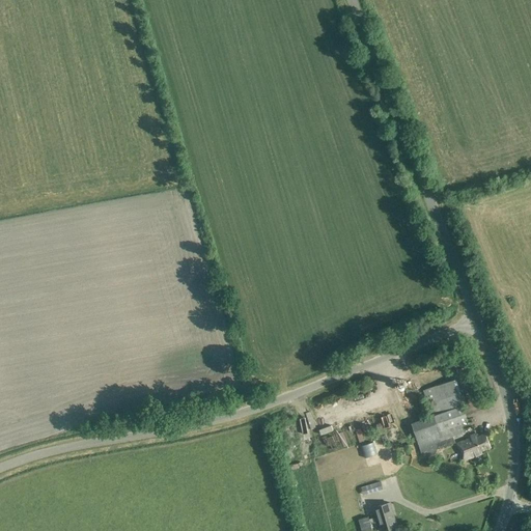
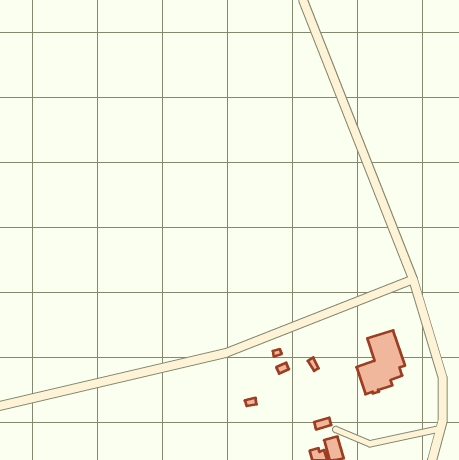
building: [457,435,491,460] -> none

